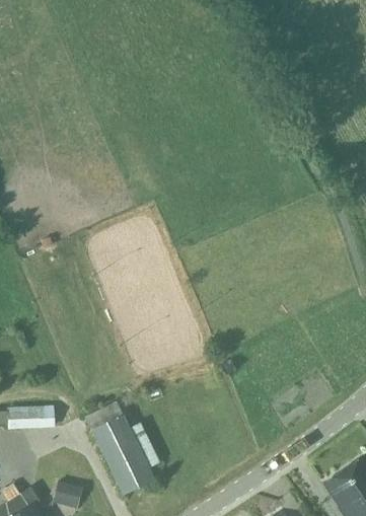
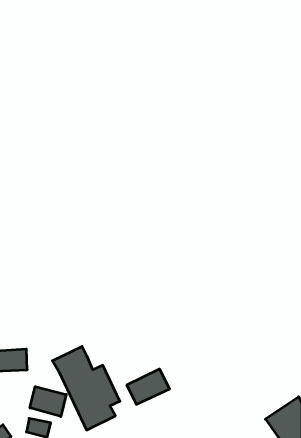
building: none -> [127,369,169,404]
building: none -> [30,387,66,417]

